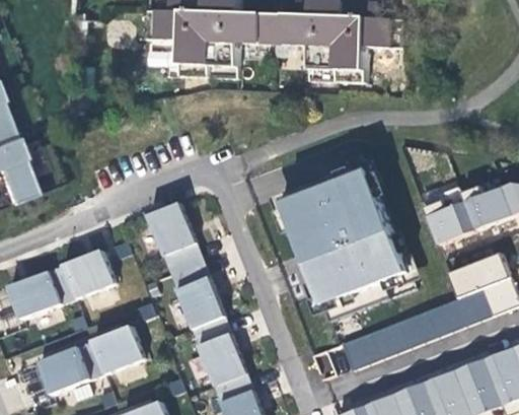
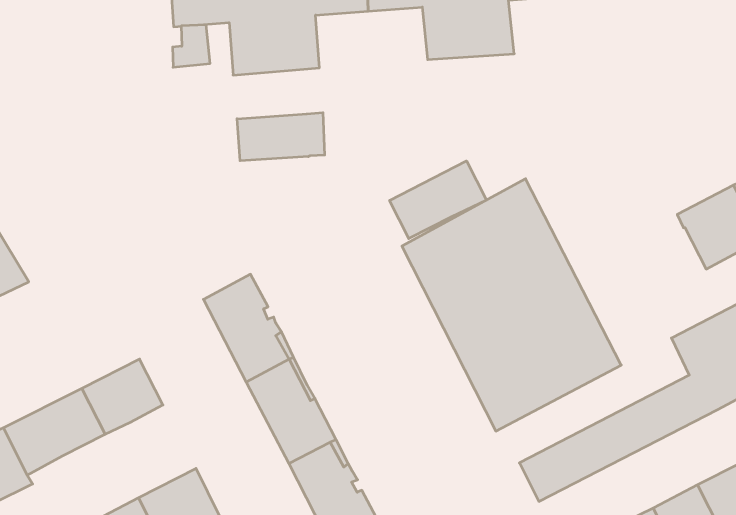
building: none -> [237,113,325,161]
building: none -> [390,161,486,239]
building: [424,193,476,246] -> none

